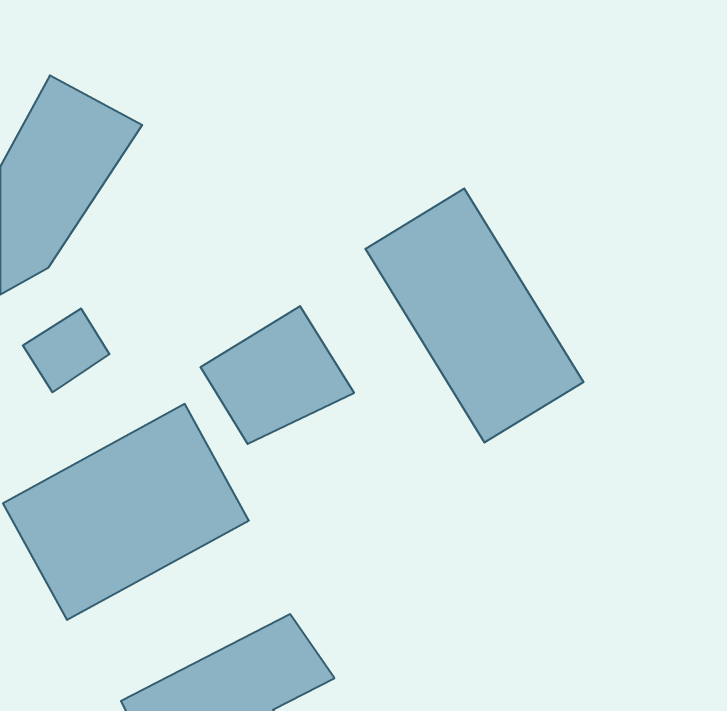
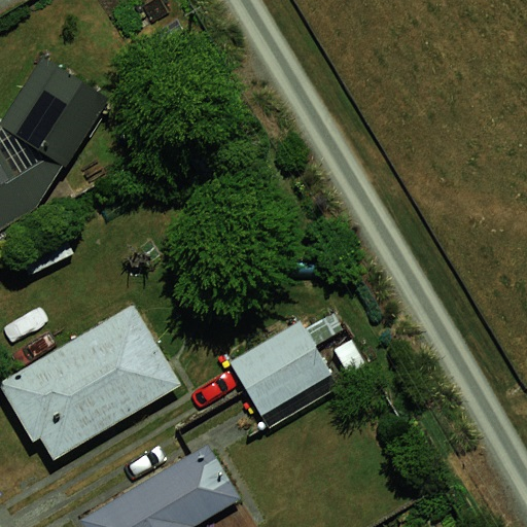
building: [365,188,583,443] -> none
building: [200,306,354,444] -> [223,317,335,417]

